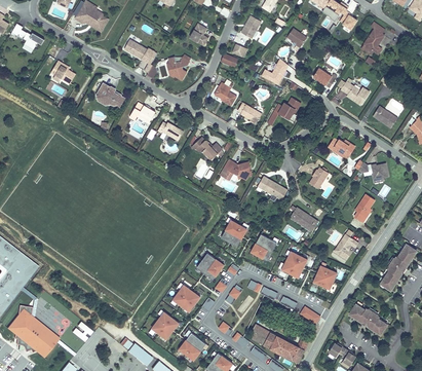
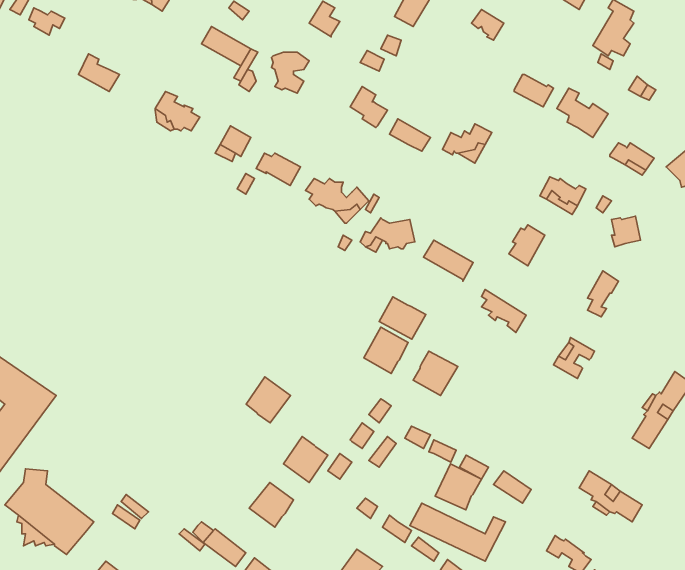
building: none -> [379,297,426,339]
building: [282,252,310,280] -> [435,464,481,510]
building: [197,254,224,282] -> [246,377,291,423]
building: [314,266,340,292] -> none
building: [180,334,206,362] -> none

